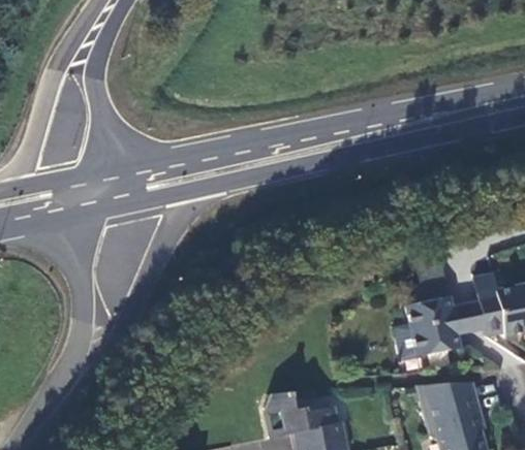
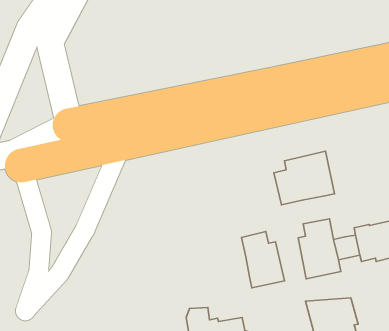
building: none -> [274,151,335,205]
building: none -> [241,232,285,288]

